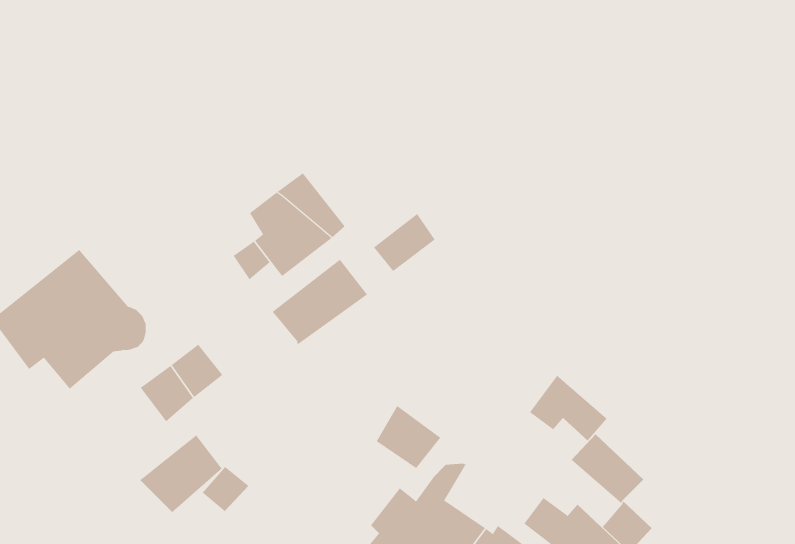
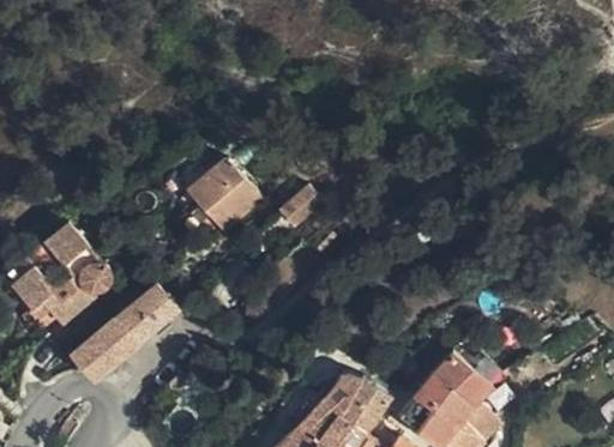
building: [272,259,368,345] -> none
building: [529,375,607,442] -> [414,373,471,422]
building: [376,405,441,469] -> [342,376,390,423]
building: [139,434,223,513] -> [76,320,137,377]

